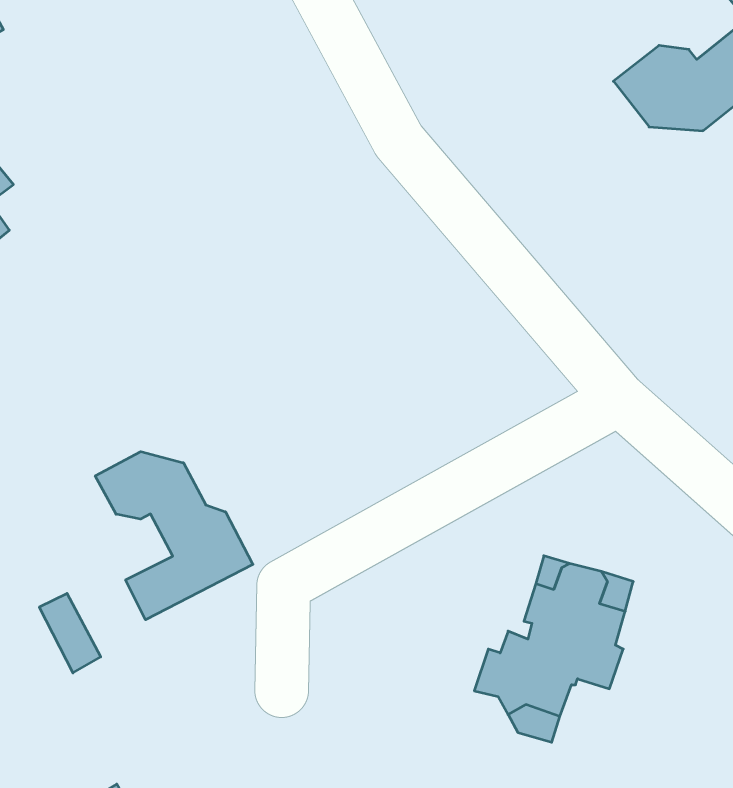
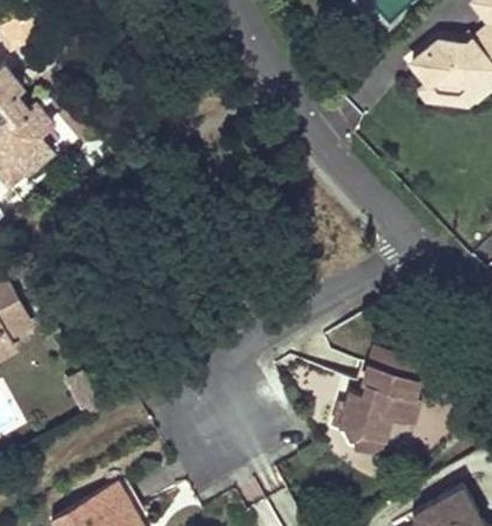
building: [95,452,253,620] -> none

